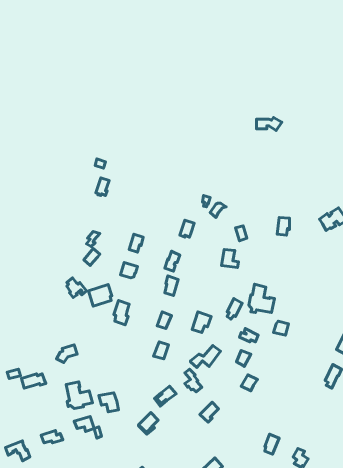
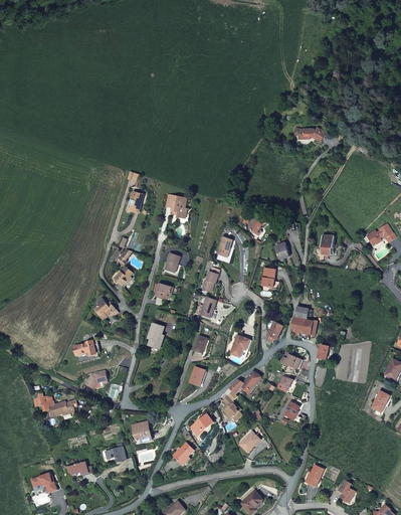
building: none -> [164,194,187,218]
building: [88,284,112,306] -> [74,340,99,363]
building: [66,382,92,409] -> none

